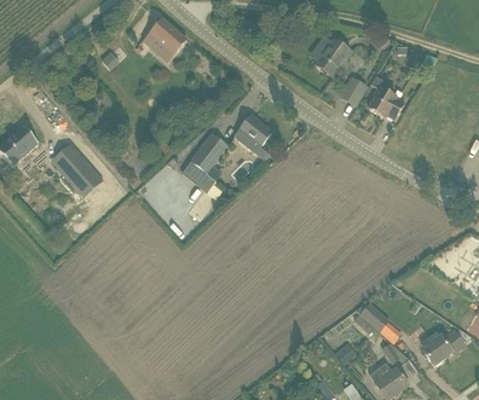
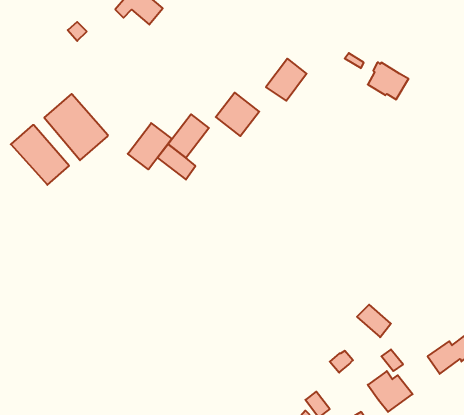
building: [314,37,351,75] -> [266,59,307,101]
building: none -> [44,94,108,160]
building: none -> [128,123,172,169]

